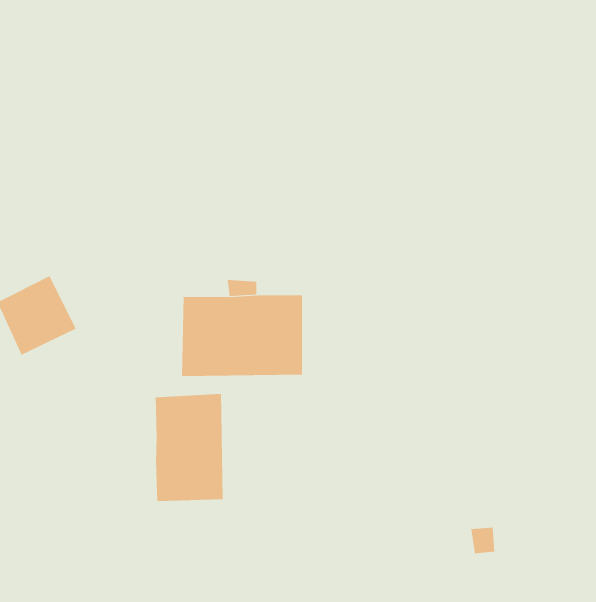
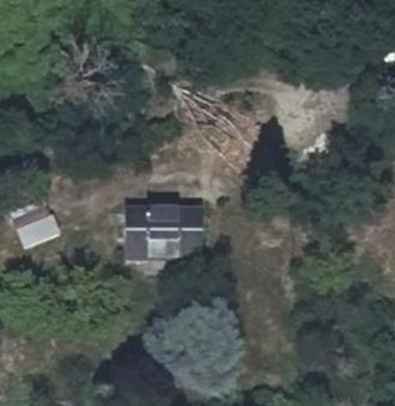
building: [155,393,223,502] -> none

